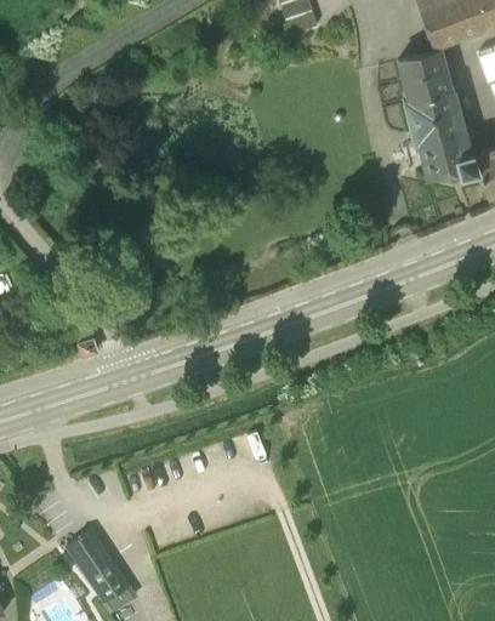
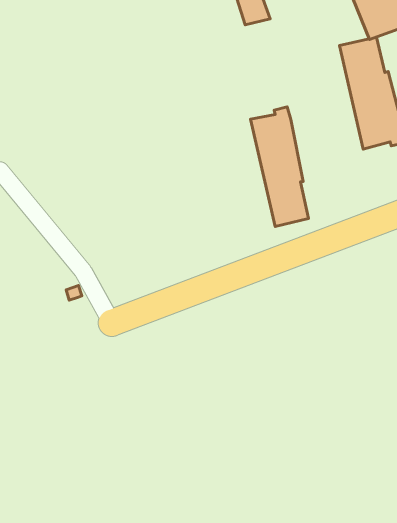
building: none -> [250,107,309,226]
building: [66,531,129,604] -> none

